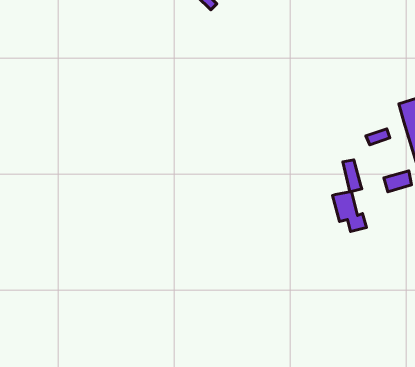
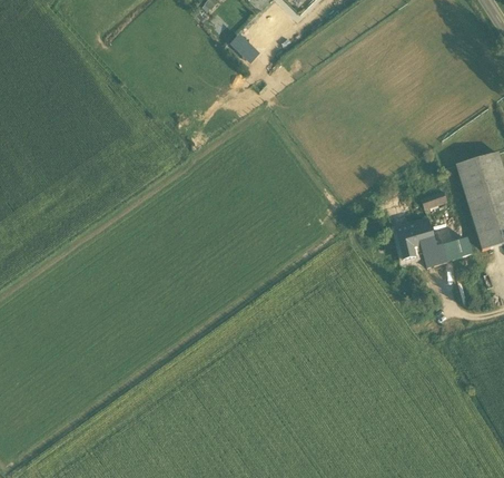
building: [333,192,367,232] -> [407,221,445,265]

